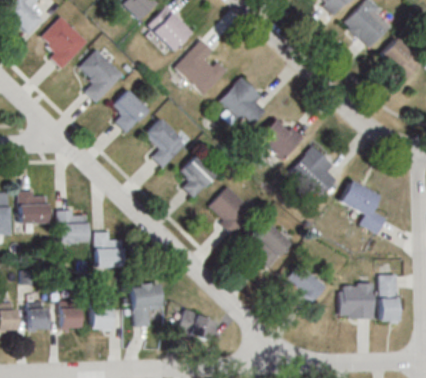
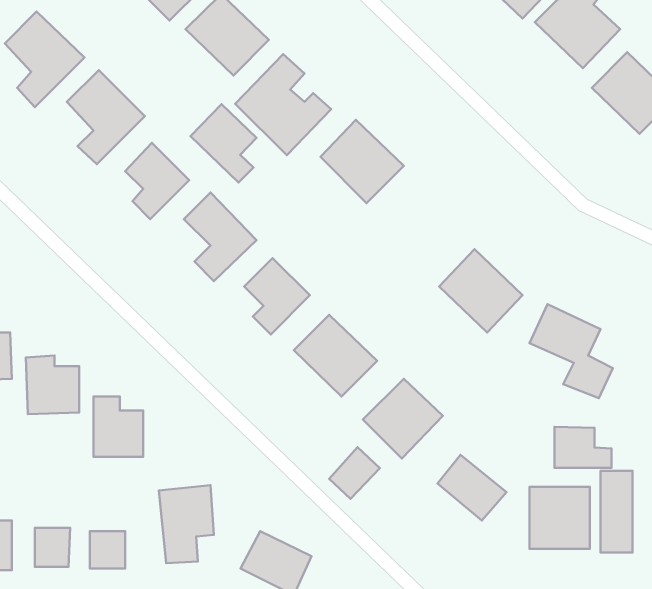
building: none -> [191,104,256,183]
building: [257,115,304,162] -> none
building: none -> [554,427,611,468]
building: none -> [329,447,380,499]

